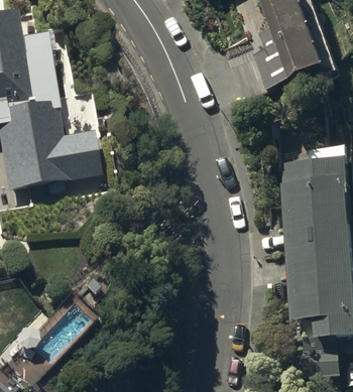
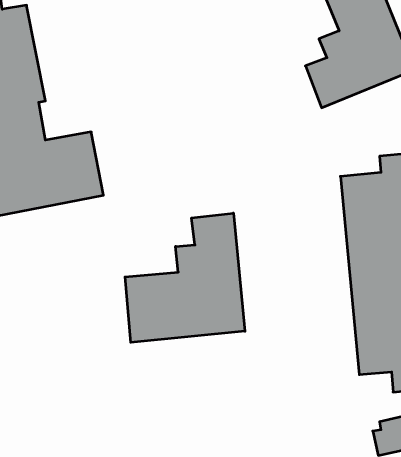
building: none -> [125,213,245,342]

